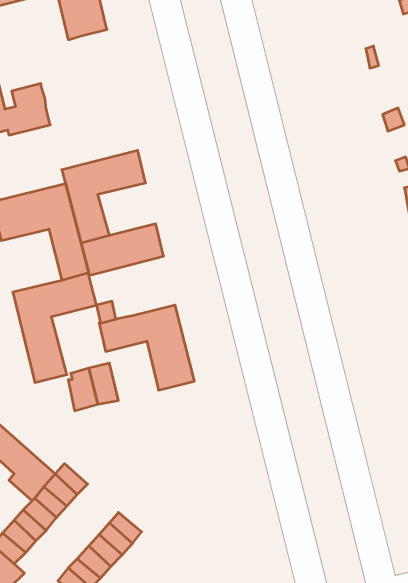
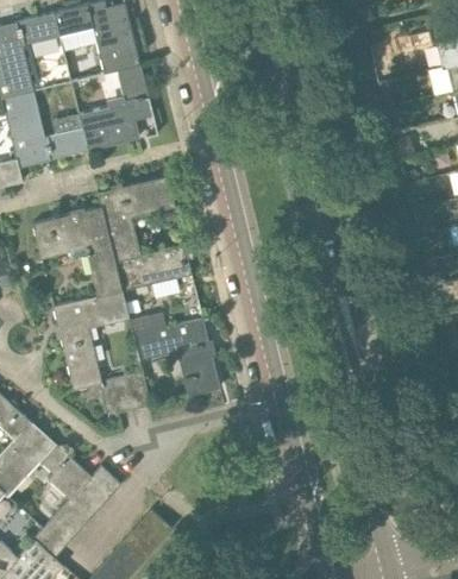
building: none -> [79,64,152,152]

